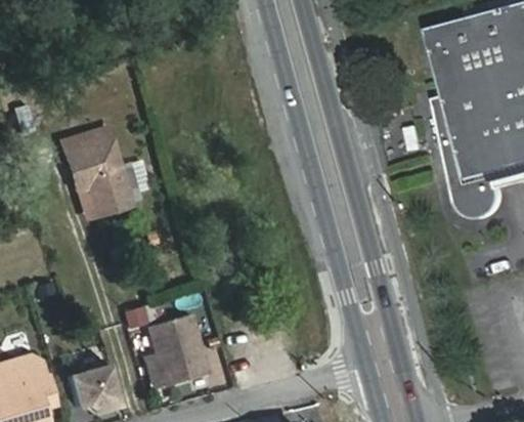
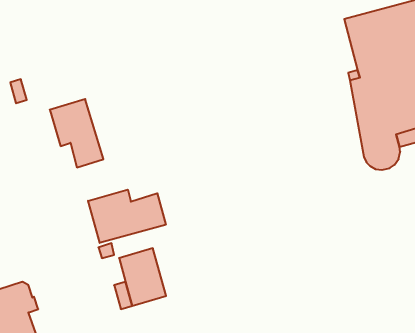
building: none -> [88,190,166,243]
building: [69,364,122,412] -> none

